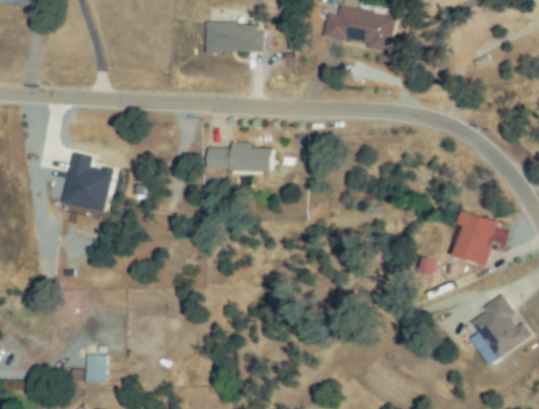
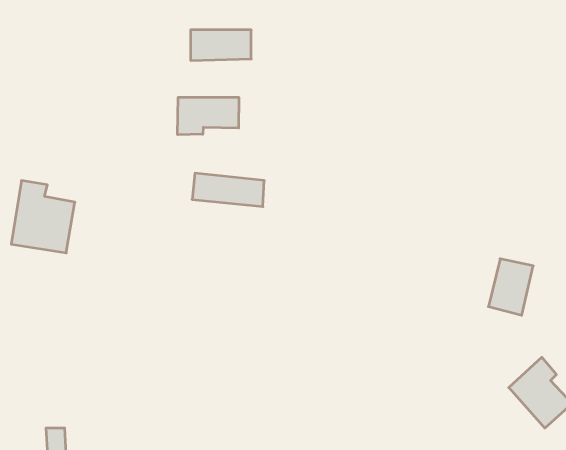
building: [326,7,393,47] -> none
building: none -> [178,97,239,135]

